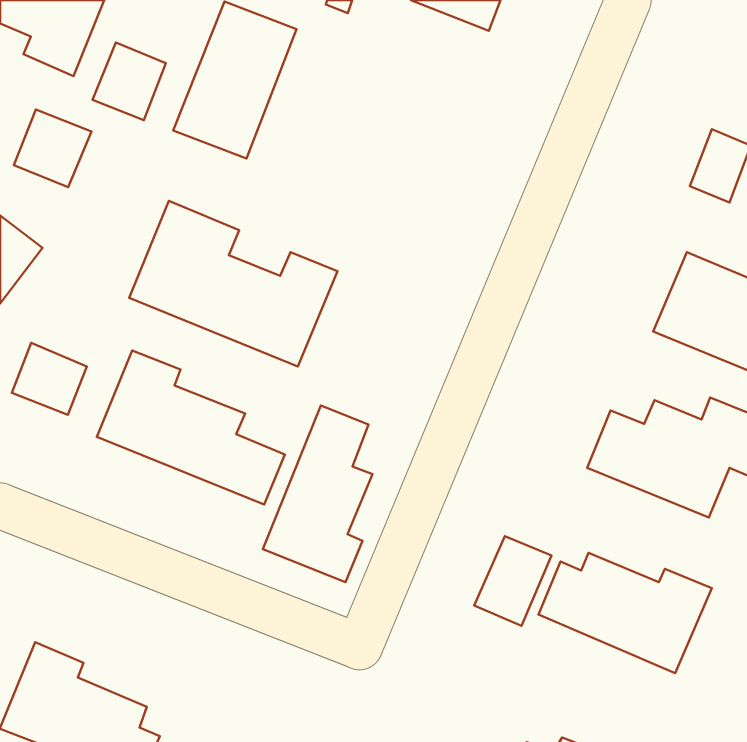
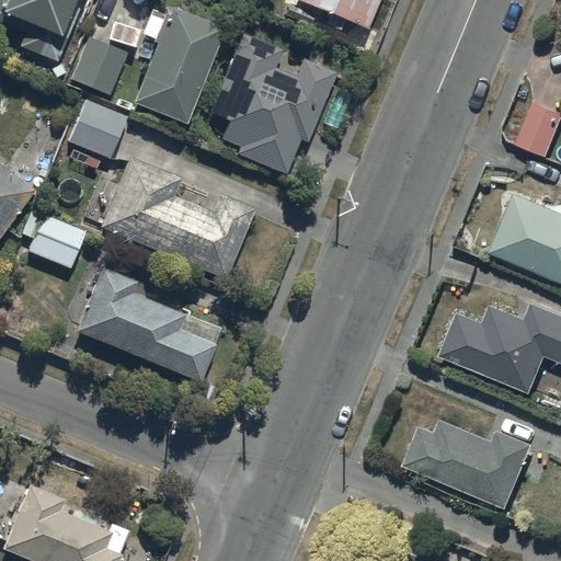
building: none -> [210,34,335,175]
building: [14,109,92,187] -> [69,101,127,159]
building: [12,343,87,415] -> [28,215,84,268]
building: [263,405,372,582] -> none
building: [474,536,551,626] -> none

